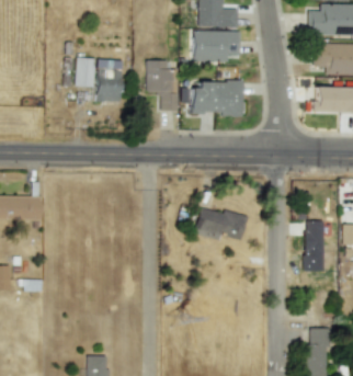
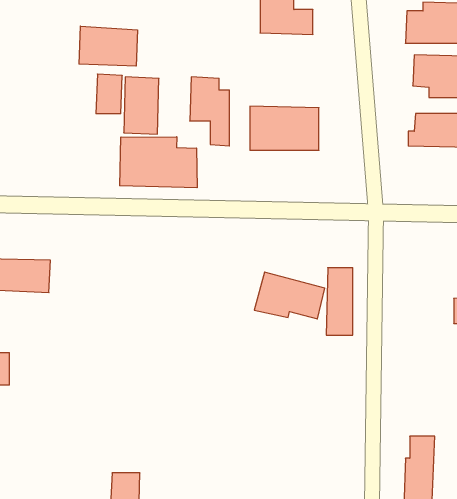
building: none -> [79,26,137,66]
building: [193,31,240,61] -> none
building: none -> [120,137,197,188]
building: [304,220,323,271] -> [326,268,353,335]

